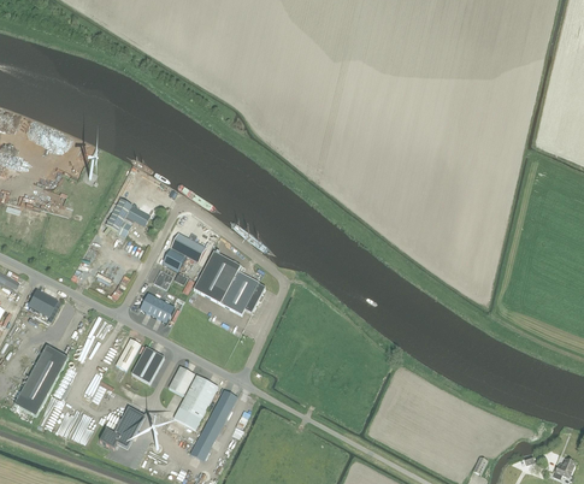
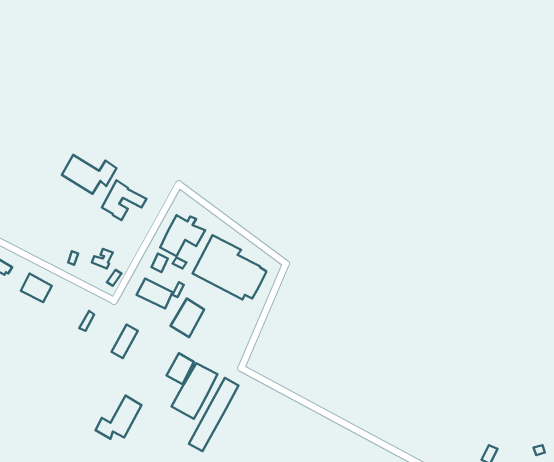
building: none -> [62,155,117,194]
building: [13,344,67,415] -> none
building: [130,346,163,383] -> [171,298,204,337]

